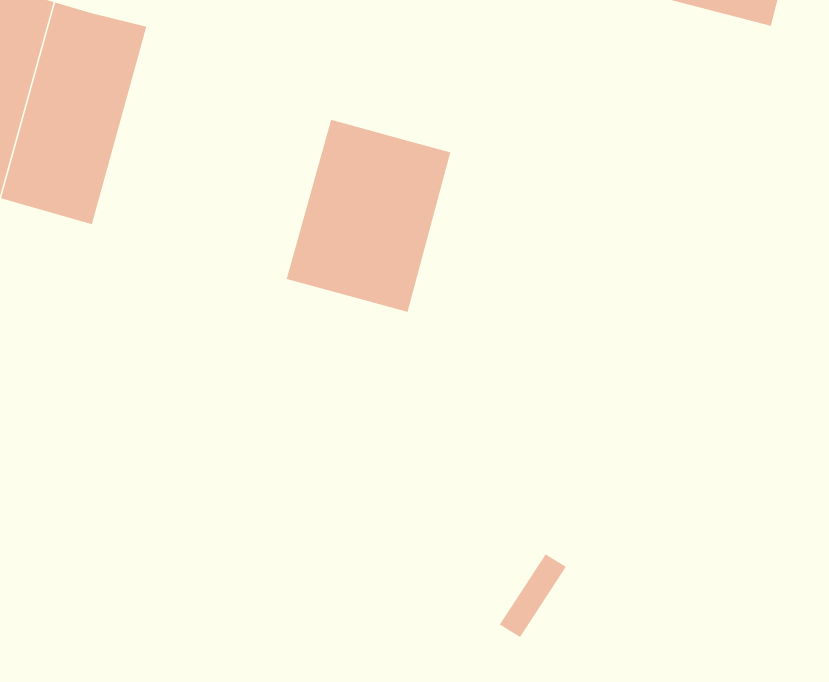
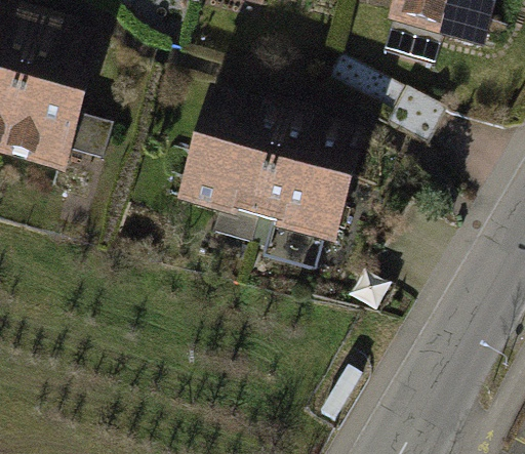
building: none -> [254,124,358,244]

